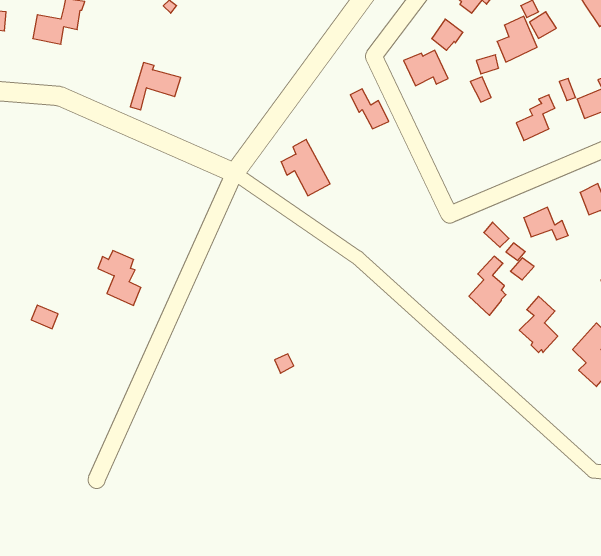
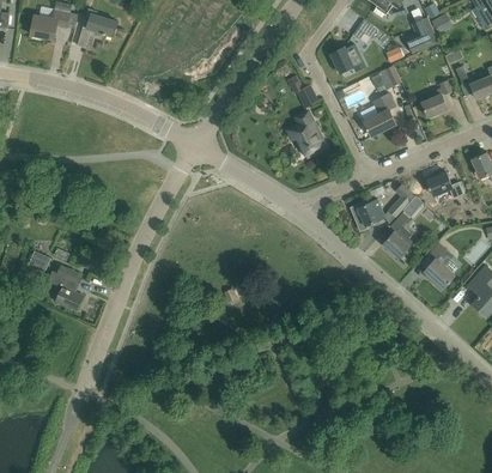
building: [130,63,181,110] -> [77,10,117,48]
building: none -> [364,93,395,137]
building: [281,139,330,196] -> [286,111,326,157]
building: none -> [350,198,384,226]
building: [98,251,141,305] -> [48,266,83,310]

